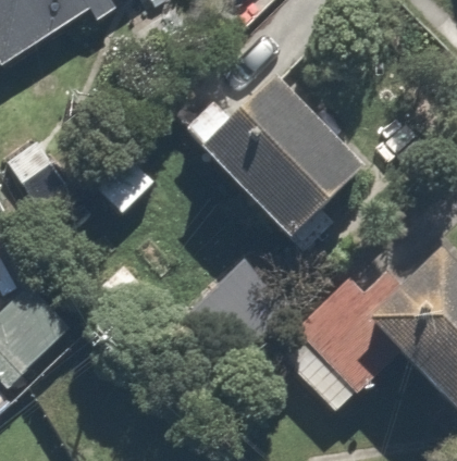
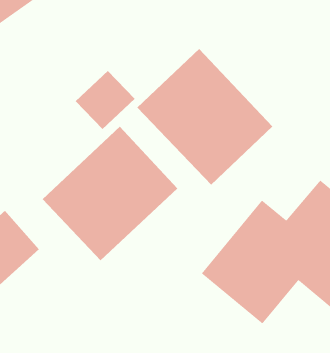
building: none -> [42,126,178,261]

